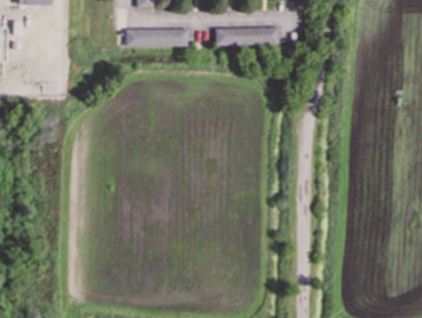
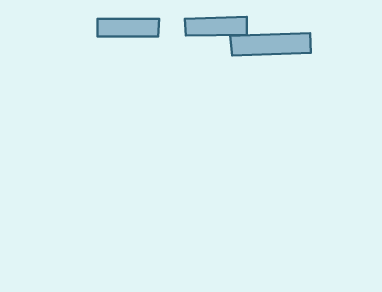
building: none -> [230,33,311,55]

